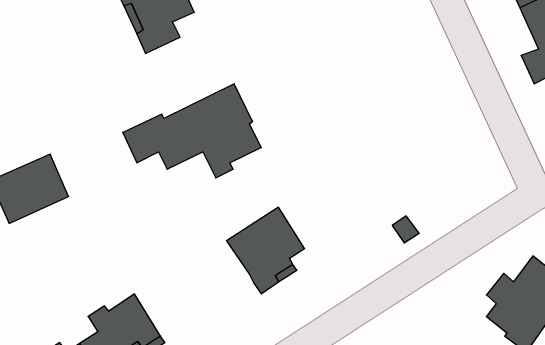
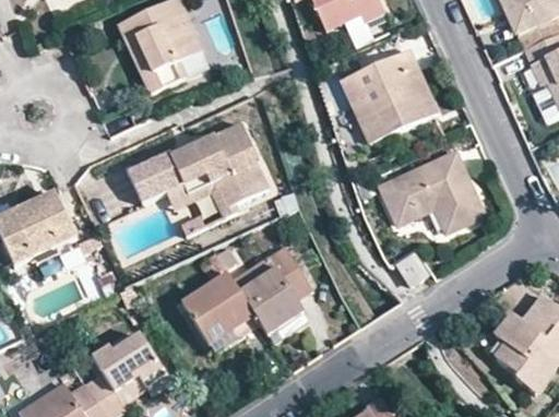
building: none -> [342,50,435,143]
building: none -> [380,152,483,230]
building: none -> [182,273,255,345]

